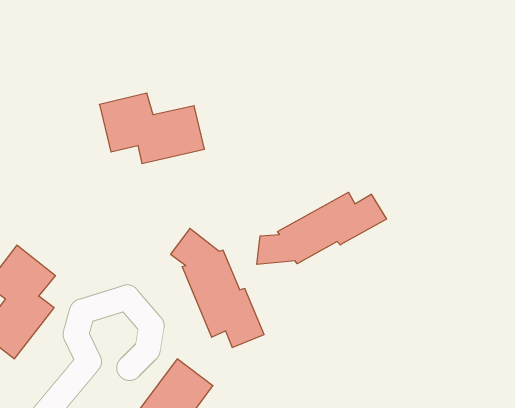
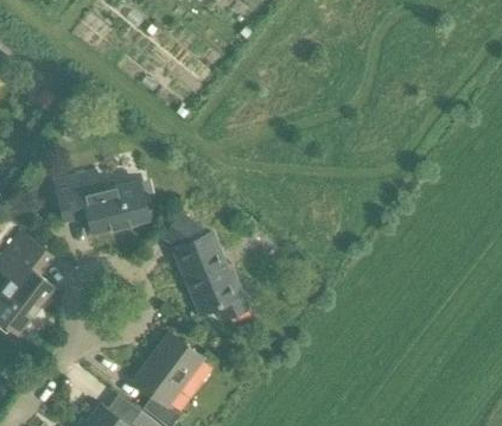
building: [99,93,204,163] -> [53,170,151,235]
building: [257,192,387,264] -> none

